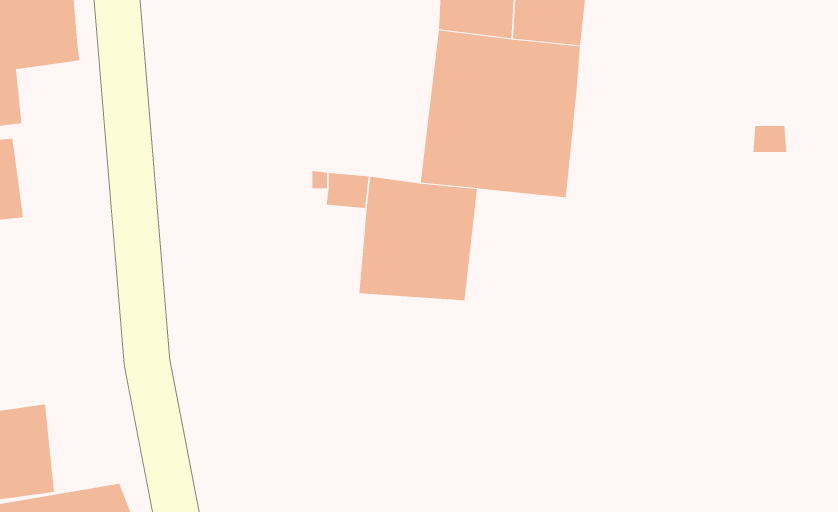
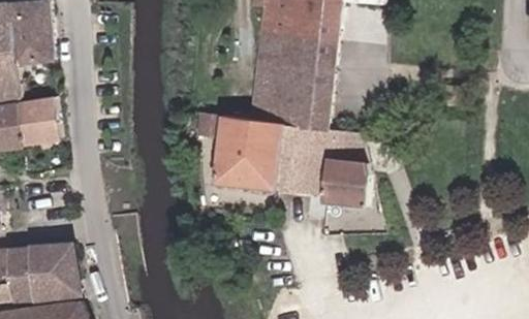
building: none -> [14,92,60,142]
building: none -> [273,126,367,206]
building: none -> [33,245,86,299]

